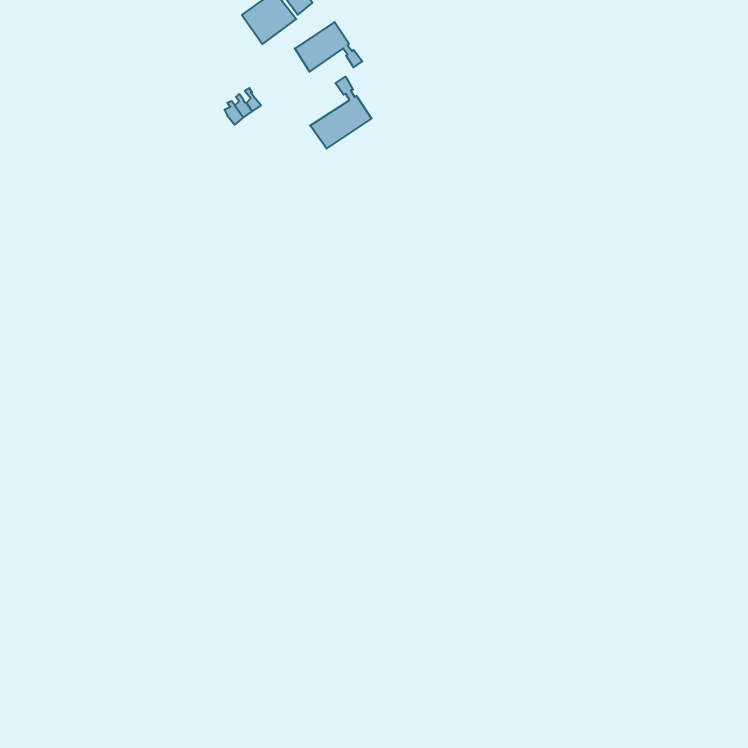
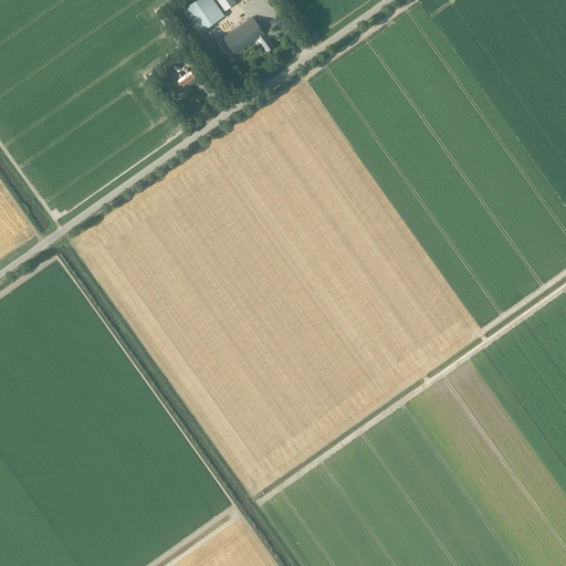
building: [310,77,372,149] -> none

